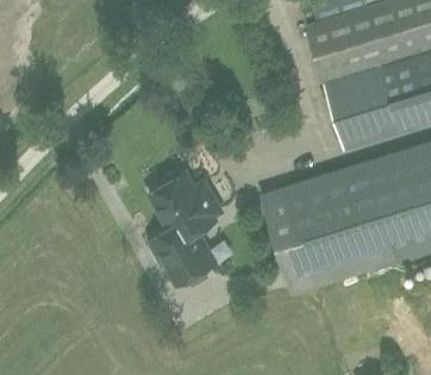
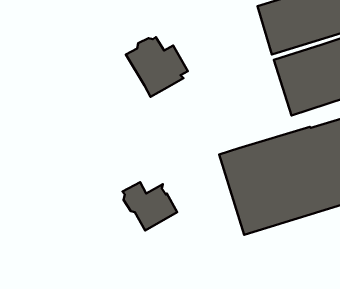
building: [148,171,219,240] -> [126,37,188,97]

